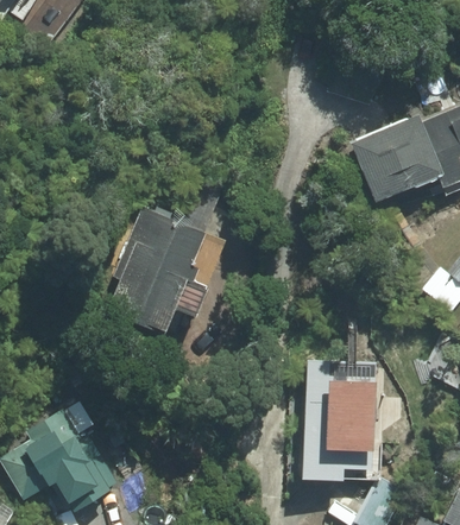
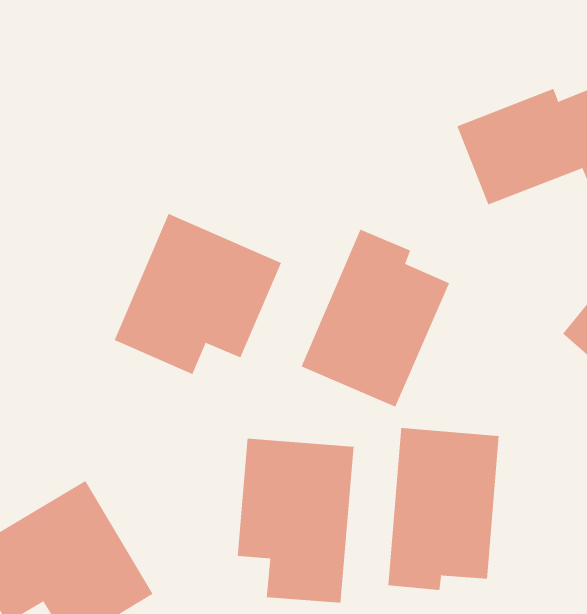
building: none -> [301,229,450,408]
building: none -> [237,438,354,604]

